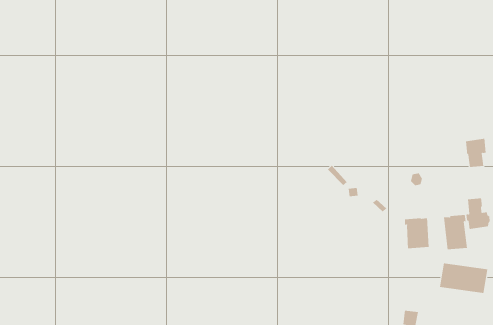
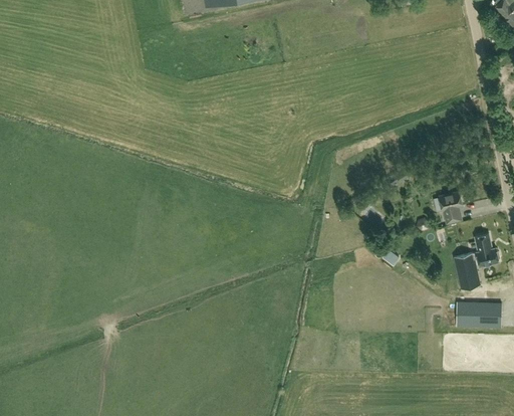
building: [465,138,487,167] -> [439,192,461,222]
building: [404,217,429,249] -> none

